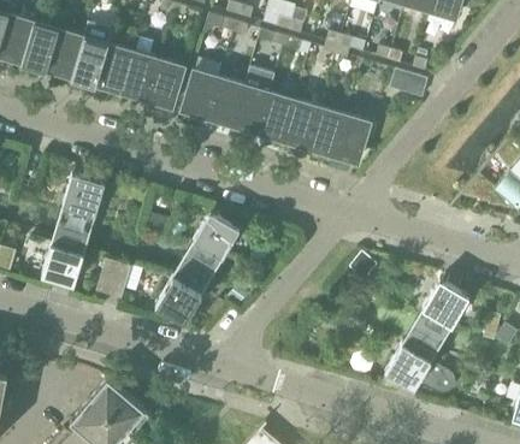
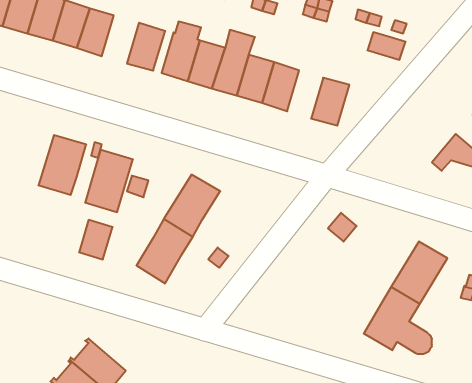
building: [120,53,158,101] -> none
building: [307,108,343,156] -> none
building: [41,224,89,286] -> [85,150,133,212]

